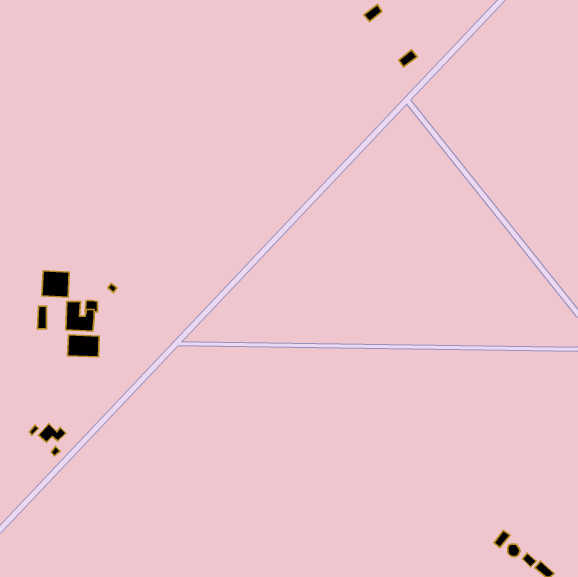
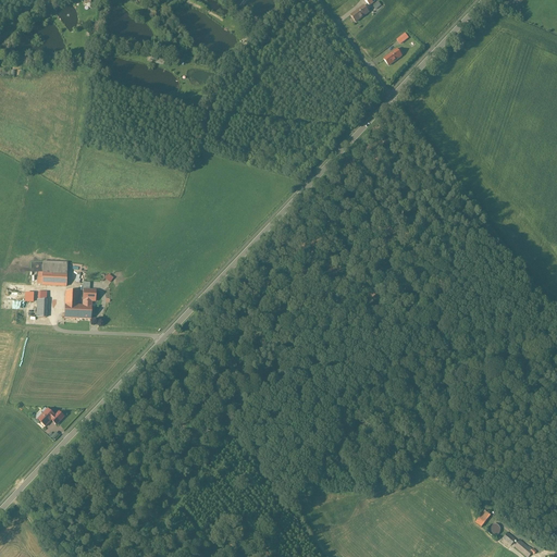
building: [68,335,99,357] -> none

